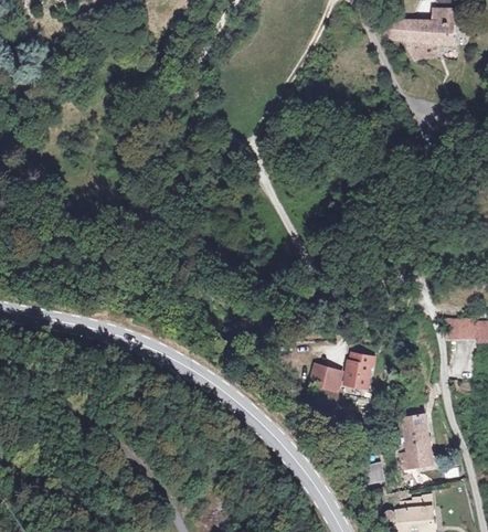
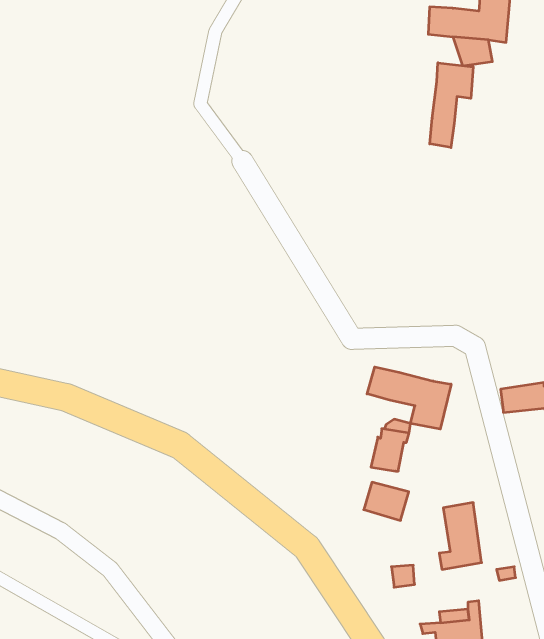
building: none -> [430,63,473,148]
building: none -> [367,367,451,429]
building: [308,363,344,394] -> [364,482,409,520]

